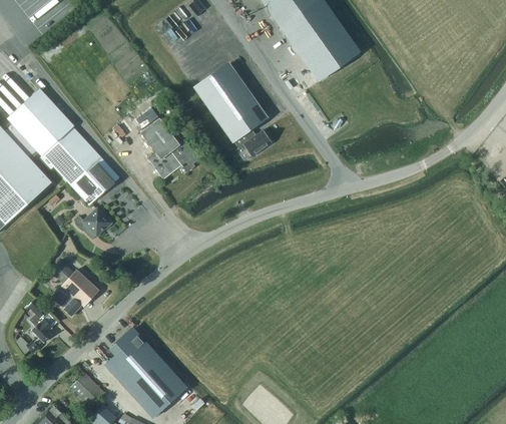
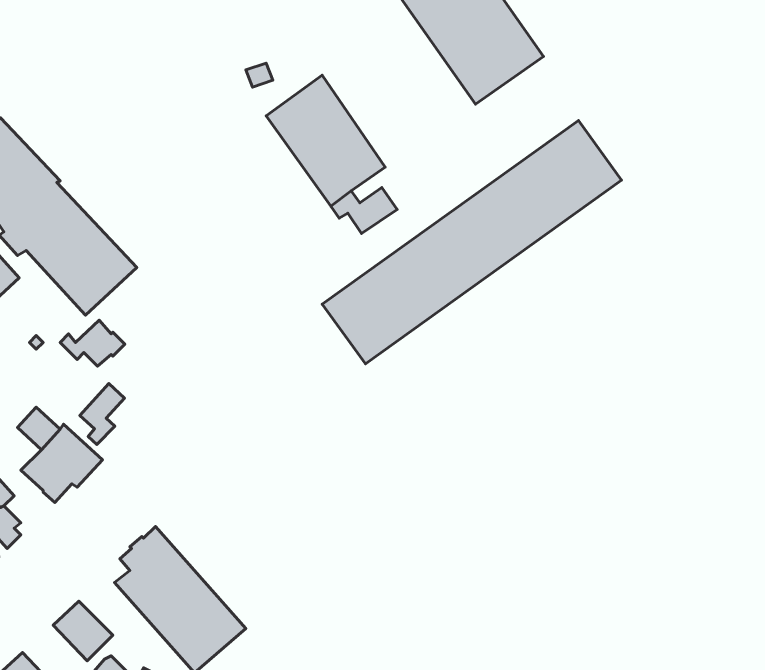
building: none -> [322,120,622,364]
building: [140,117,201,178] -> none
building: none -> [80,384,125,445]

